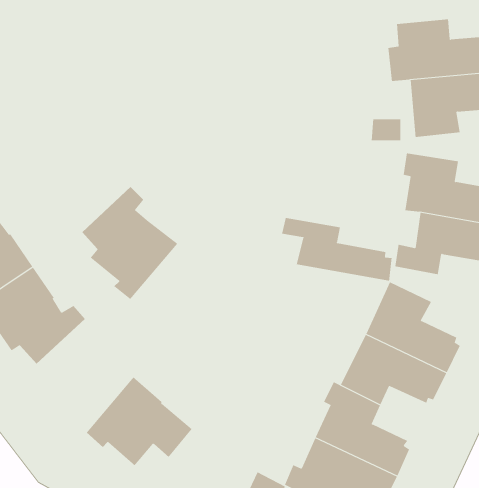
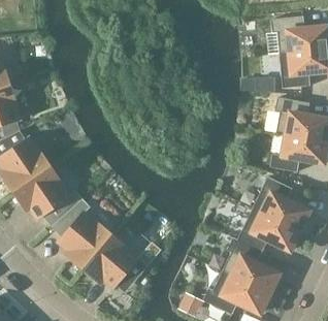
building: [81,186,178,300] -> [53,198,111,267]
building: [282,217,392,282] -> none

